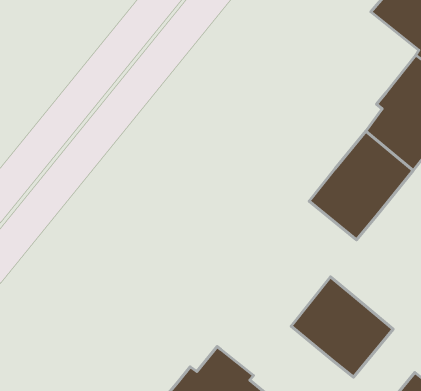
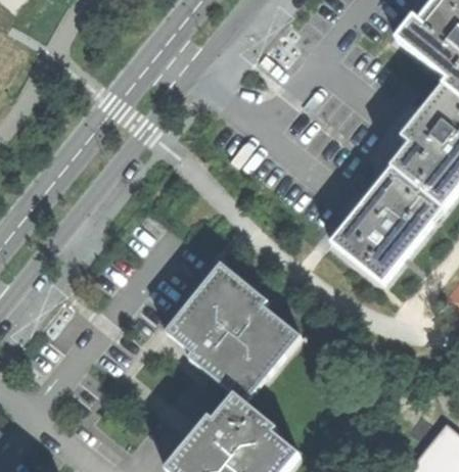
building: none -> [165,267,299,397]
building: [291,277,393,377] -> none

